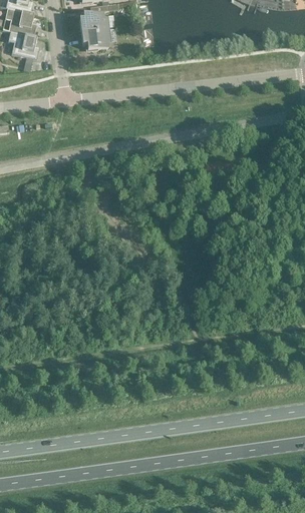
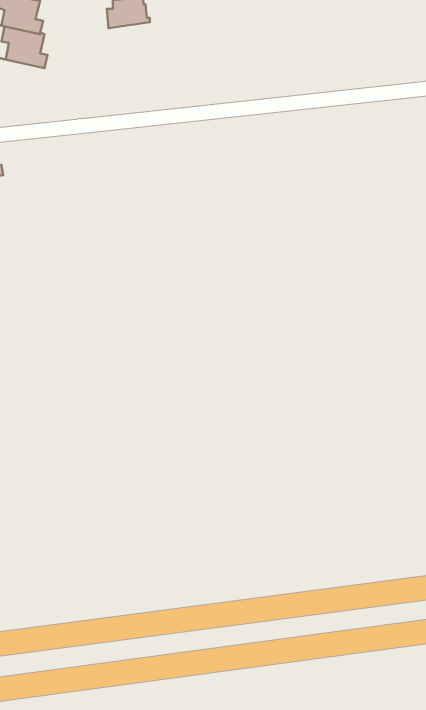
building: [80,25,109,46] -> none

